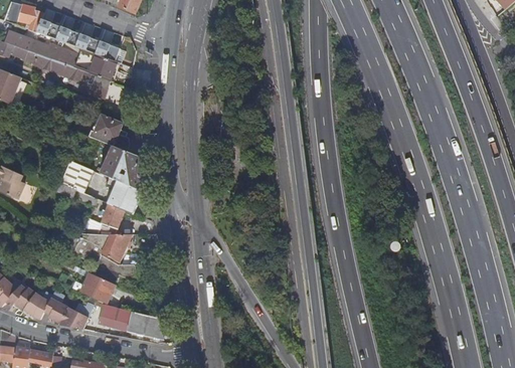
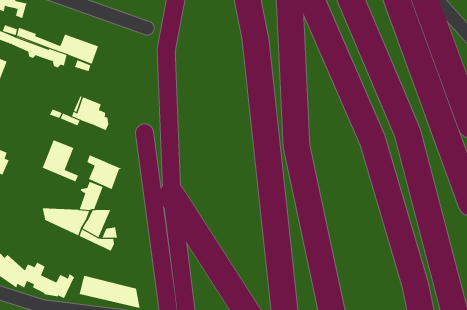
building: [38,18,125,62] -> none
building: [101,145,144,191] -> none
building: [78,268,115,303] -> none

